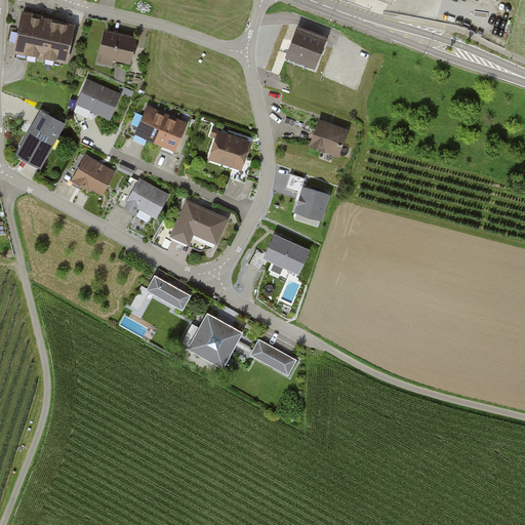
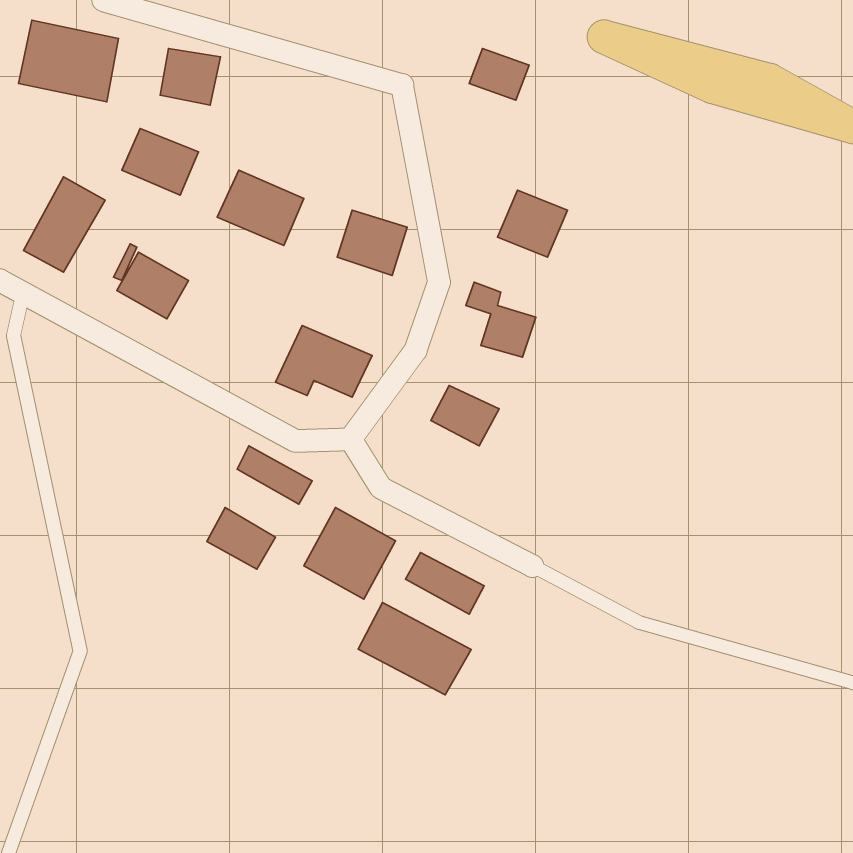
building: [125,178,170,220] -> none
building: none -> [207,508,276,569]
building: none -> [358,603,471,695]

